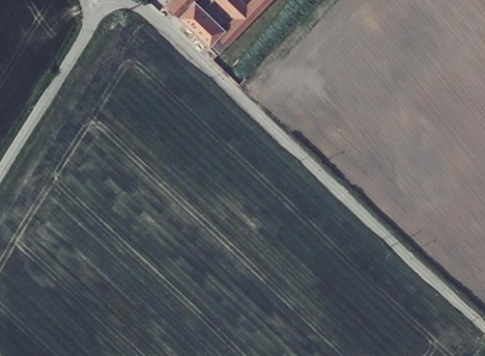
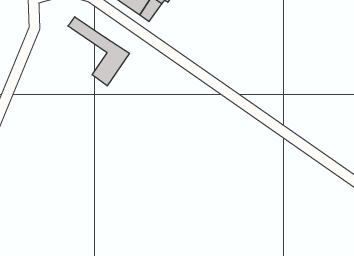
building: none -> [68,17,129,86]

